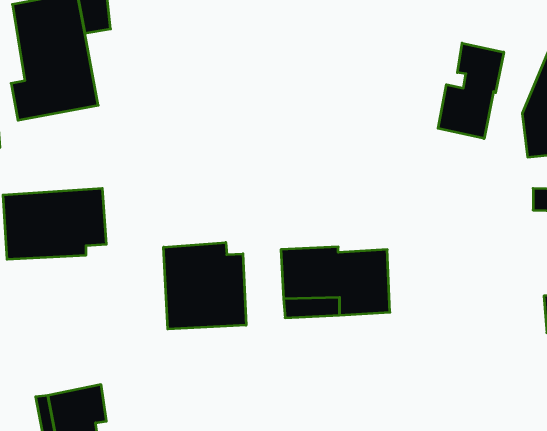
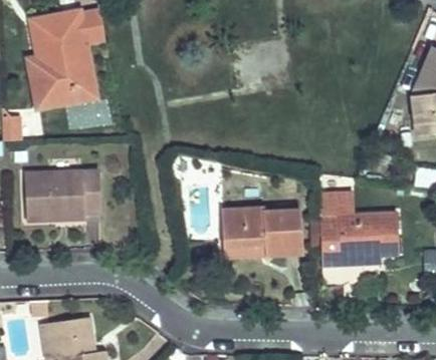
building: [438,43,504,139] -> none
building: none -> [321,193,401,293]
building: [164,242,246,329] -> none

